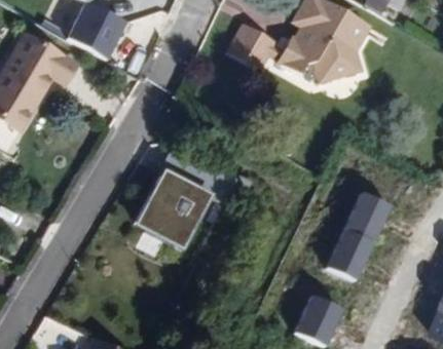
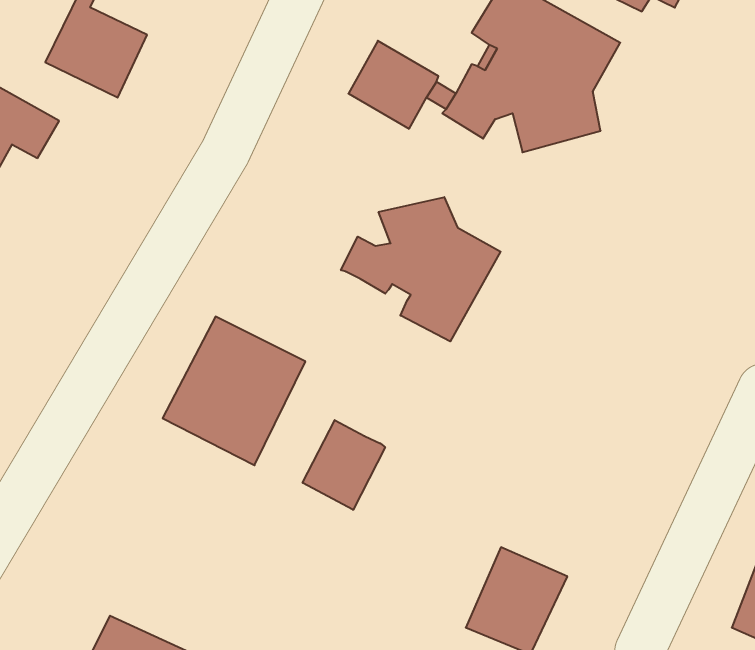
building: none -> [341,197,501,341]
building: [322,188,391,283] -> none
building: none -> [303,420,385,510]

